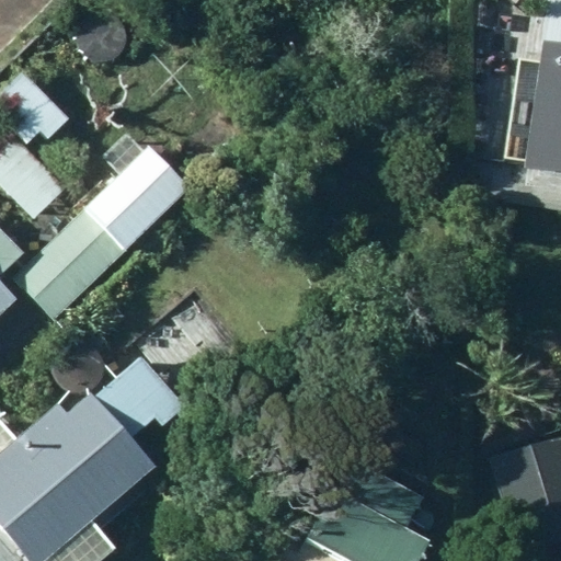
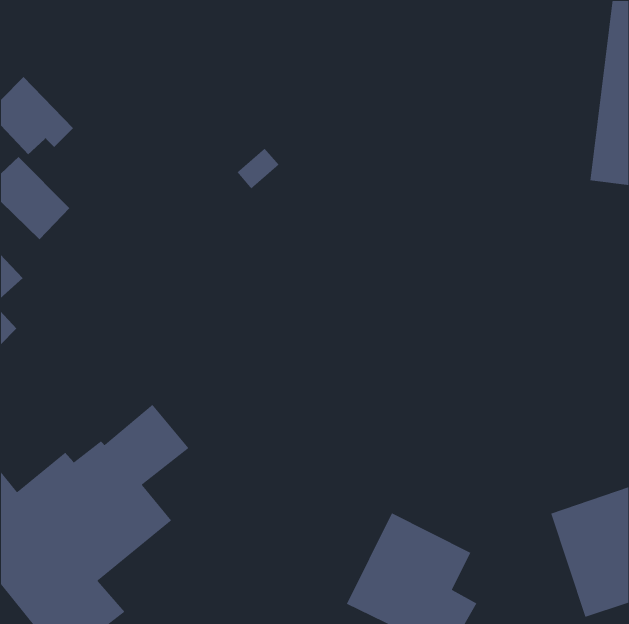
building: [15,145,190,319] -> none

